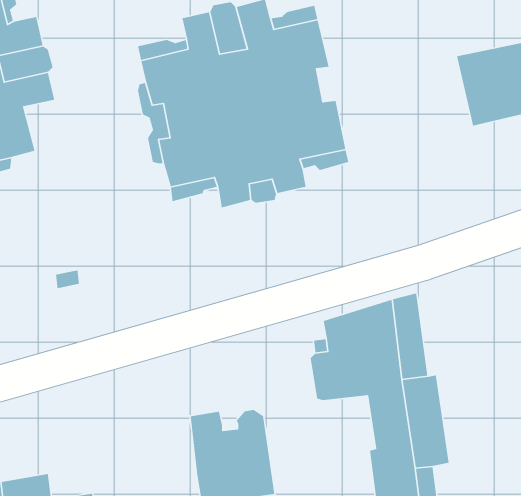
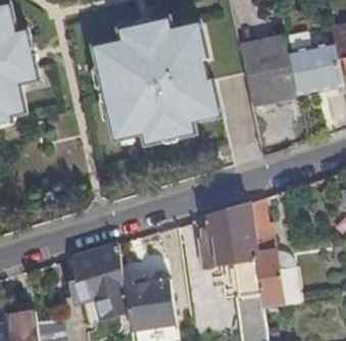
building: none -> [239,37,299,106]
building: none -> [71,244,128,318]

